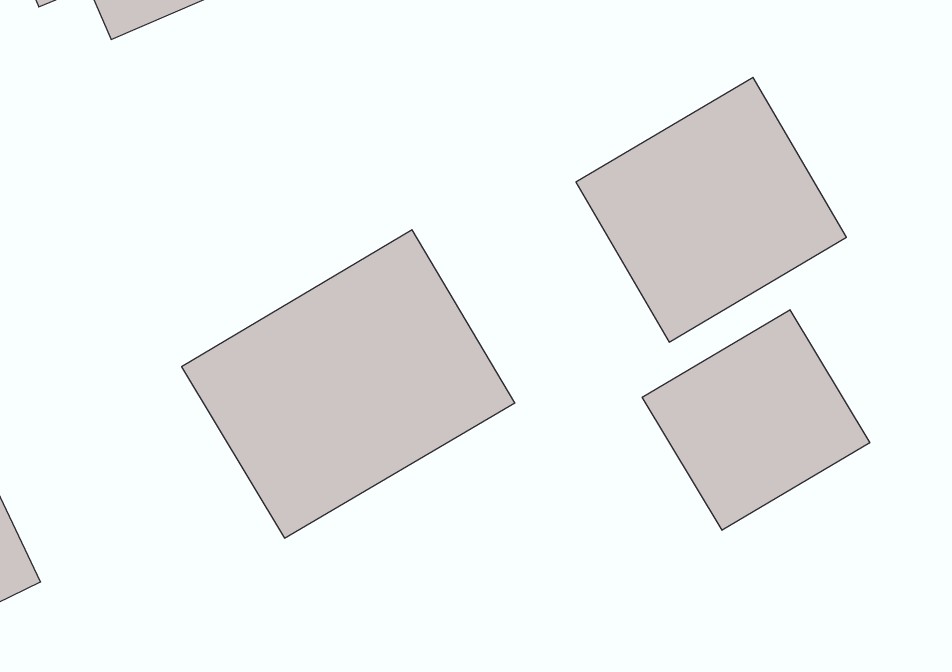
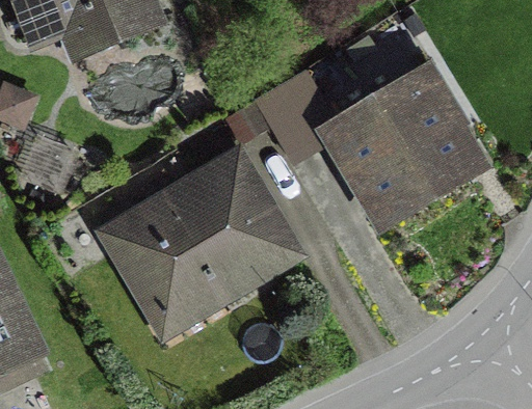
building: [642,310,870,530] -> none

